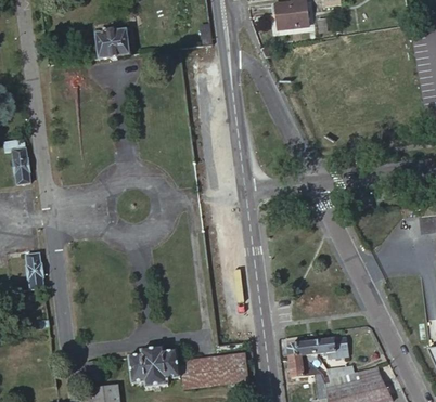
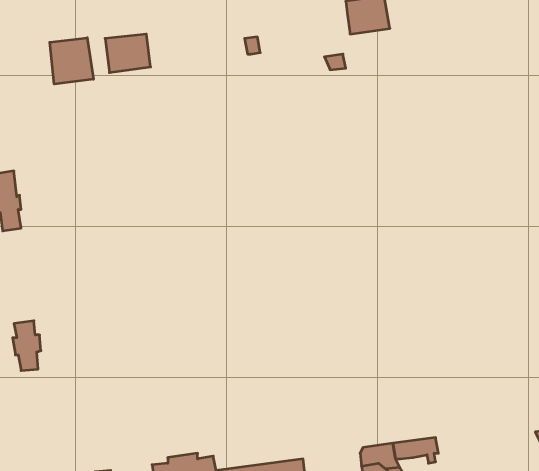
building: none -> [50,38,93,84]

